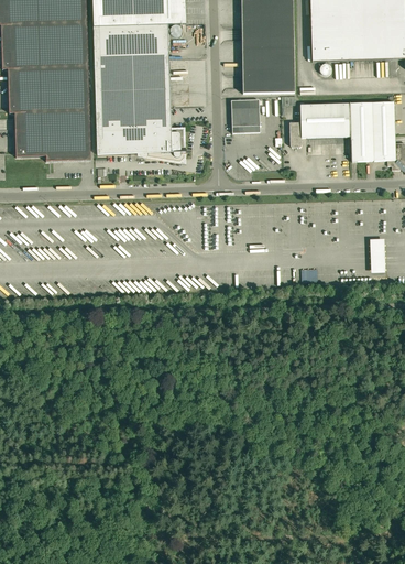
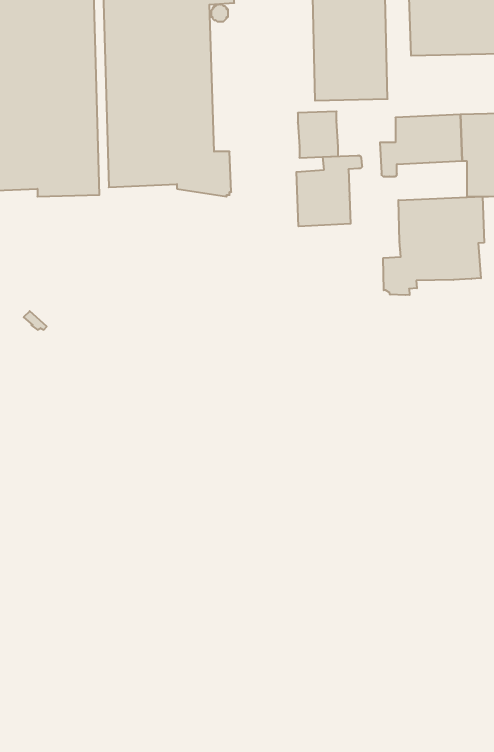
building: none -> [296,155,362,226]
building: none -> [383,197,484,295]

